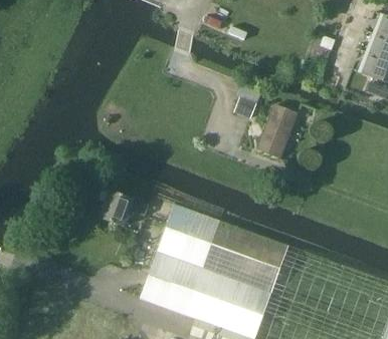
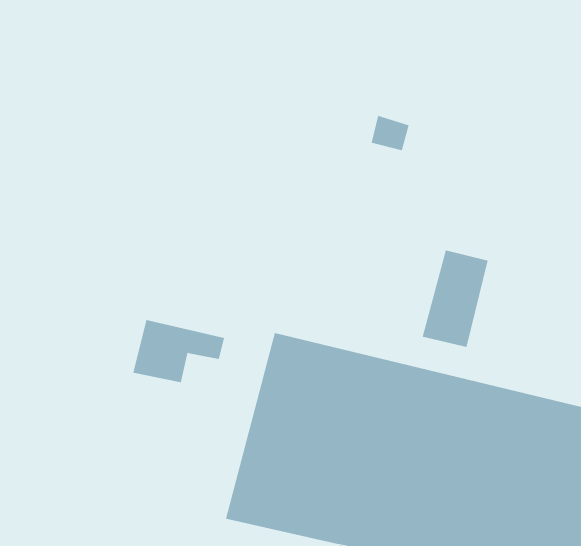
building: [258,104,298,156] -> [422,250,489,347]

